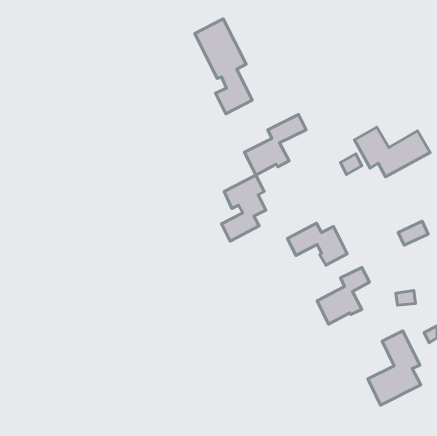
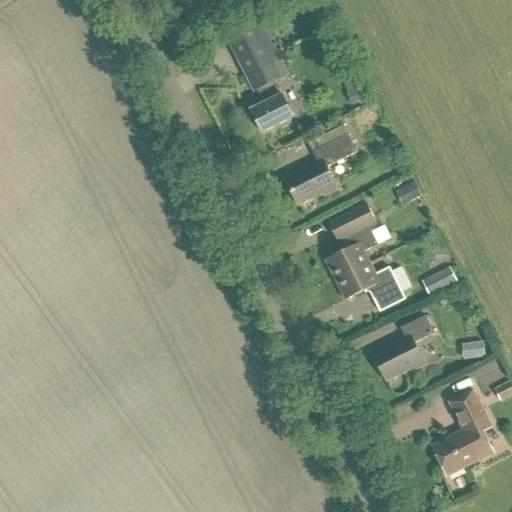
building: [354,127,430,177] -> none
building: [221,175,266,241] -> [326,202,378,279]
building: [398,221,428,245] -> [423,267,458,295]

